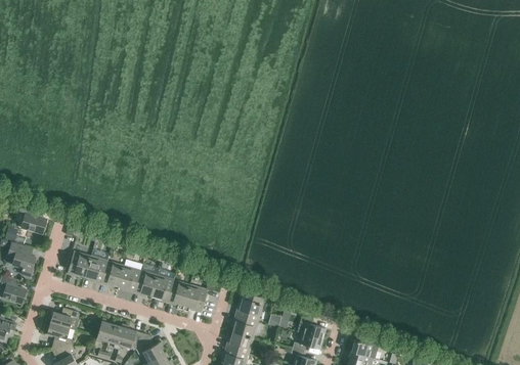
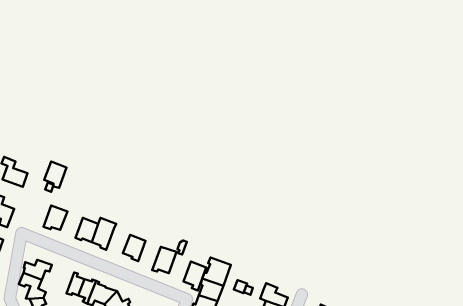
building: [84,256,106,282] -> [44,162,67,188]
building: [133,270,157,294] -> none
building: [167,280,189,310] -> [183,261,206,291]

